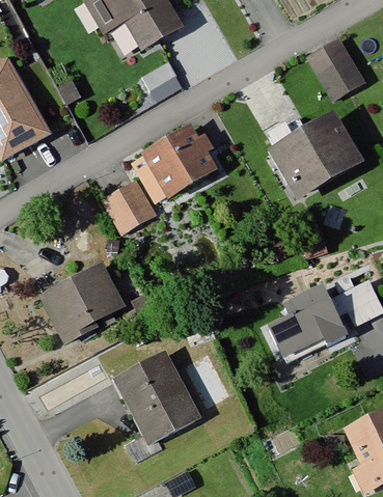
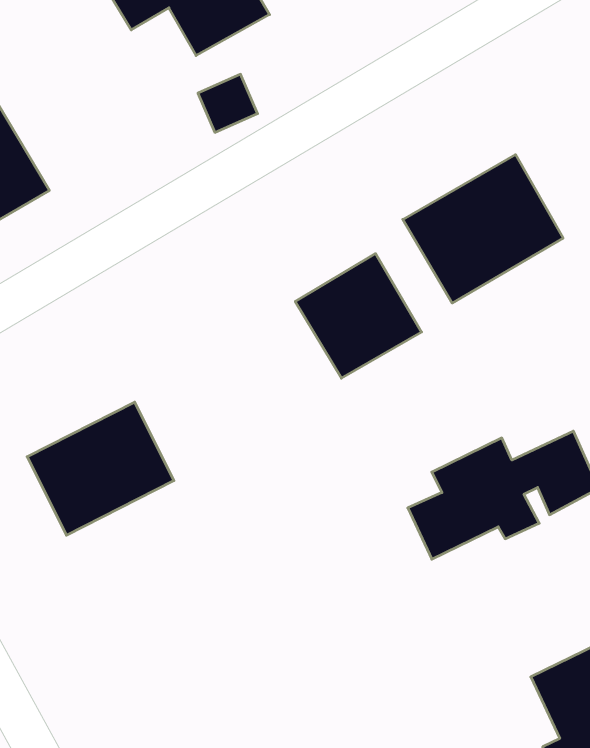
building: [304,37,366,105] -> none
building: [141,121,218,197] -> [295,254,422,378]
building: [100,181,158,237] -> none
building: [110,348,200,445] -> none

